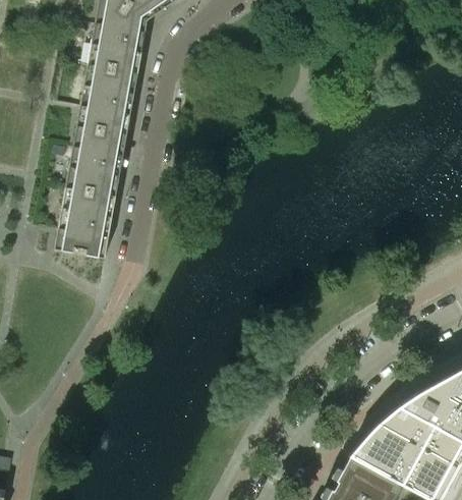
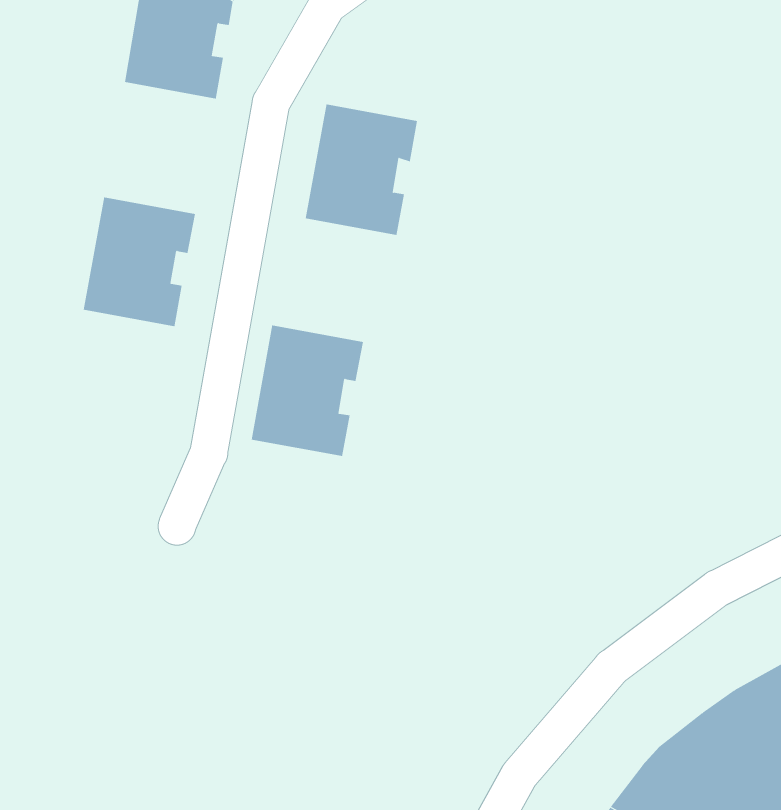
building: [80,64,141,135] -> [305,104,418,236]
building: [58,187,119,259] -> [251,325,364,457]

